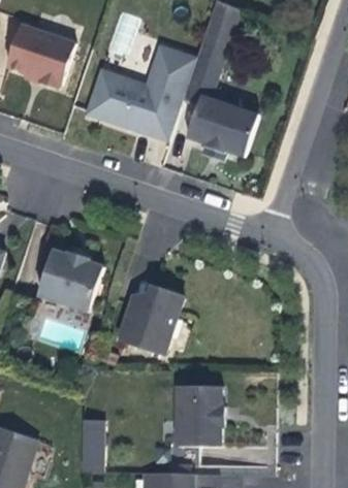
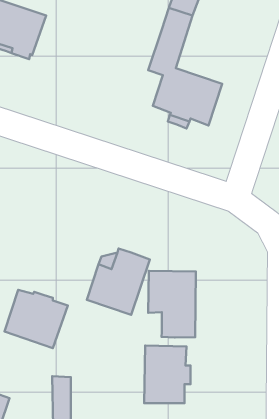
building: [86,45,196,141] -> none
building: [38,251,104,312] -> [4,290,68,348]
building: none -> [148,271,196,337]

